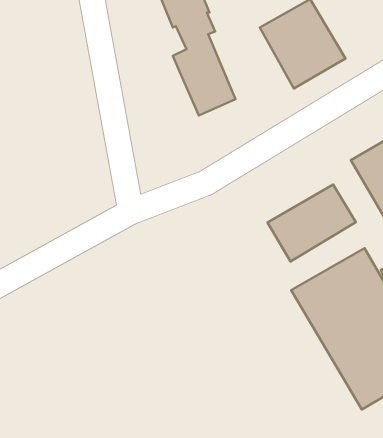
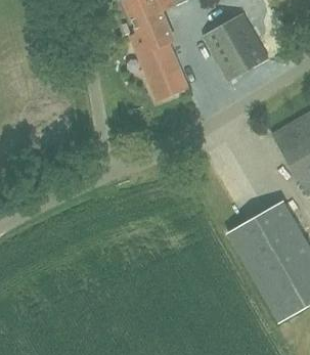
building: [267,185,356,262] -> none

